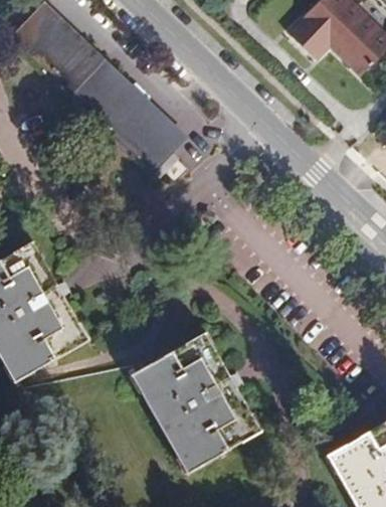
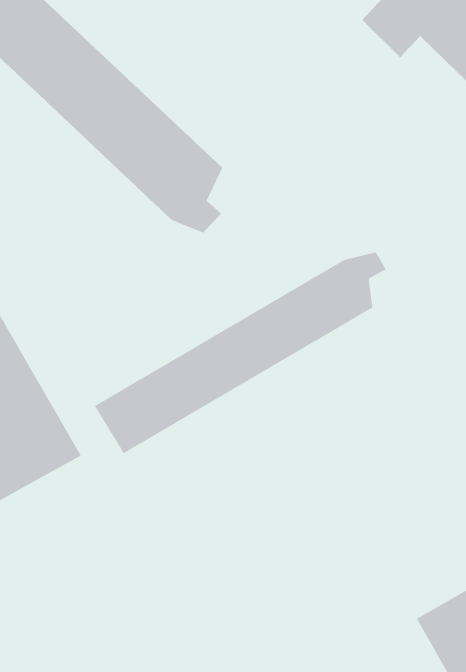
building: none -> [94,251,387,454]
building: [128,333,261,474] -> none

